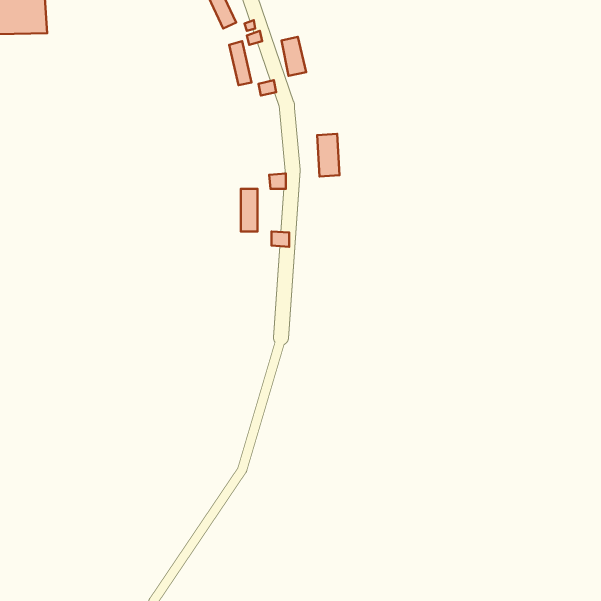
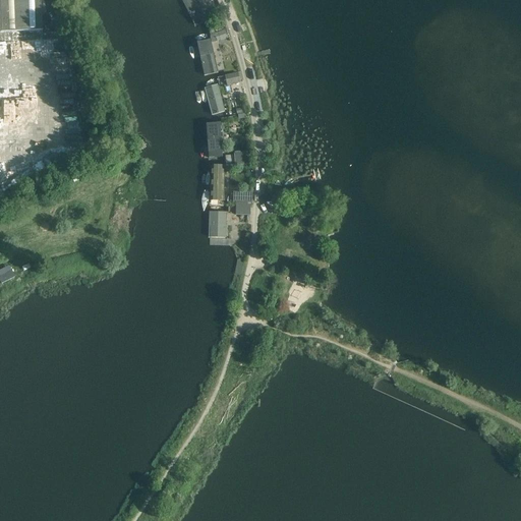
building: [281,37,306,76] -> [204,80,225,114]
building: [317,134,340,176] -> [204,120,223,157]
building: none -> [206,209,225,236]

